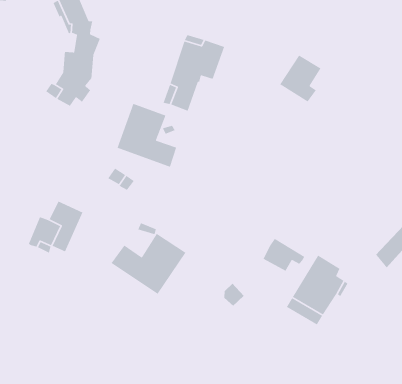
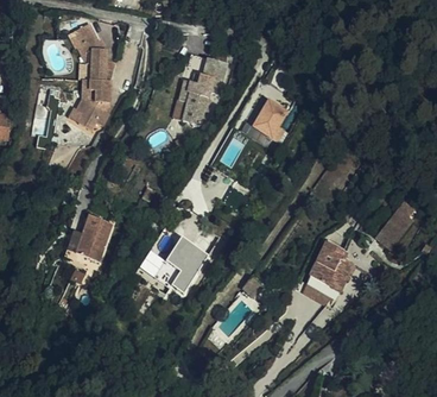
building: [279,54,321,103] -> [253,97,290,140]
building: [117,103,177,168] -> none
building: [262,238,305,272] -> none

